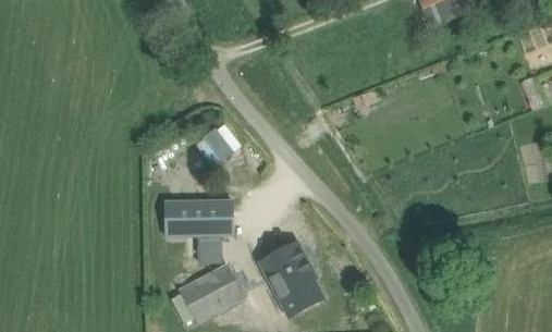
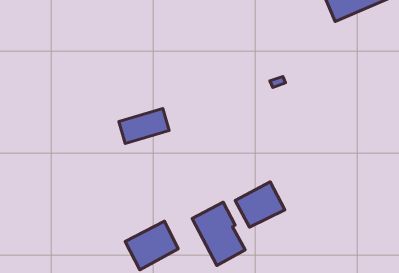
building: [164,198,233,261] -> none
building: none -> [235,182,285,227]

